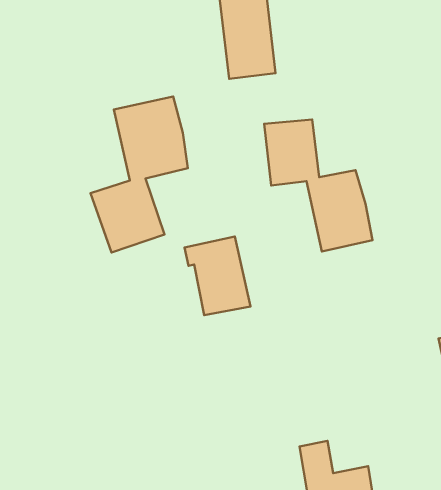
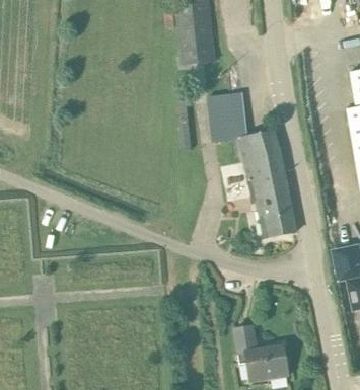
building: [90,96,188,253] -> none
building: [184,236,250,315] -> [248,181,296,238]

